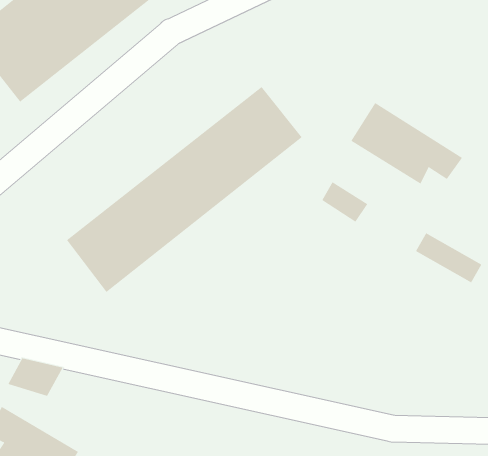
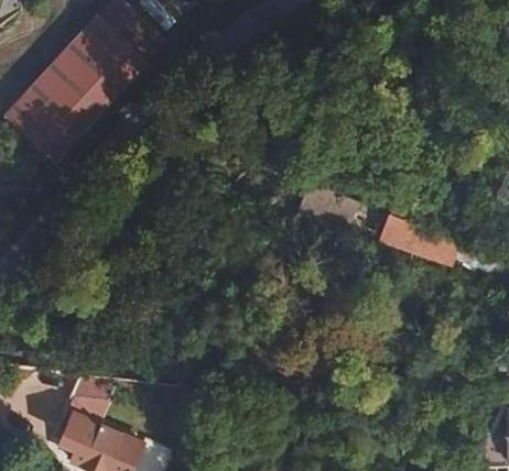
building: [66,86,302,293] -> none
building: [351,102,463,184] -> none

